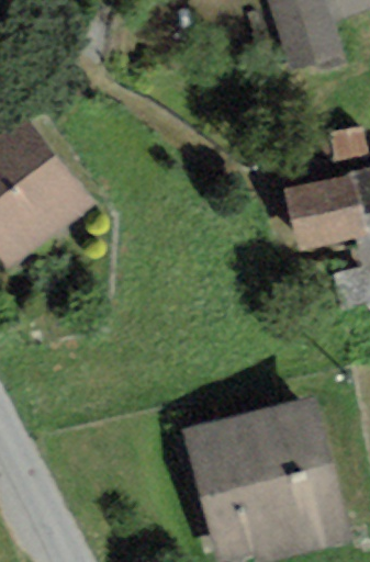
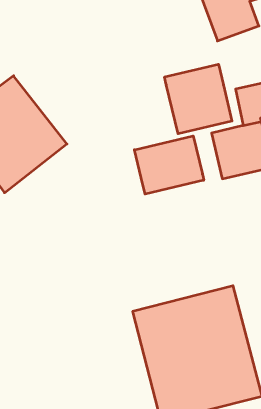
building: none -> [165,64,232,134]
building: none -> [134,136,204,194]

